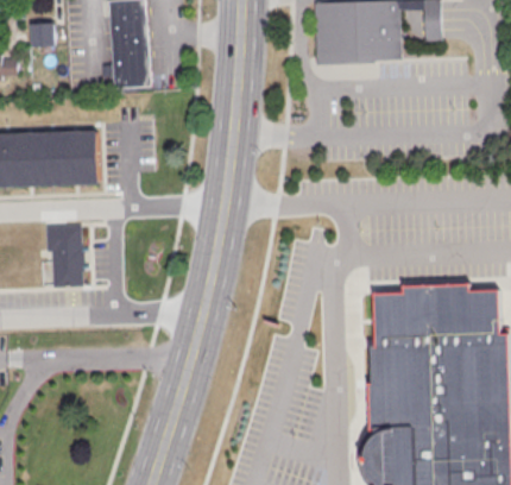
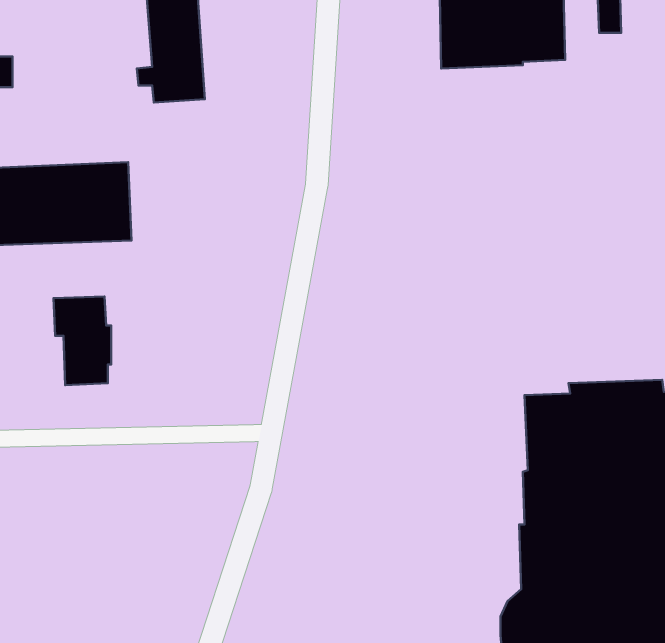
building: [30,23,55,48] -> none

